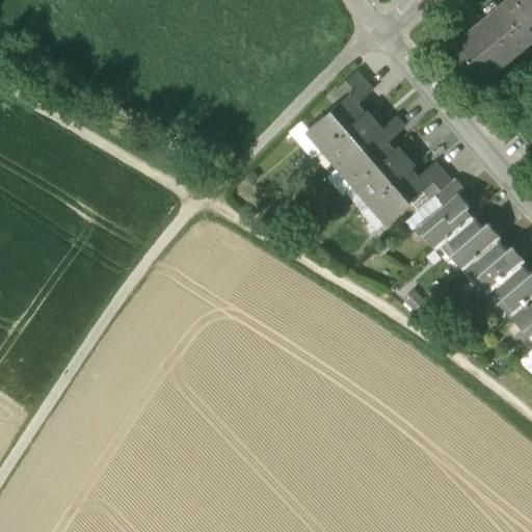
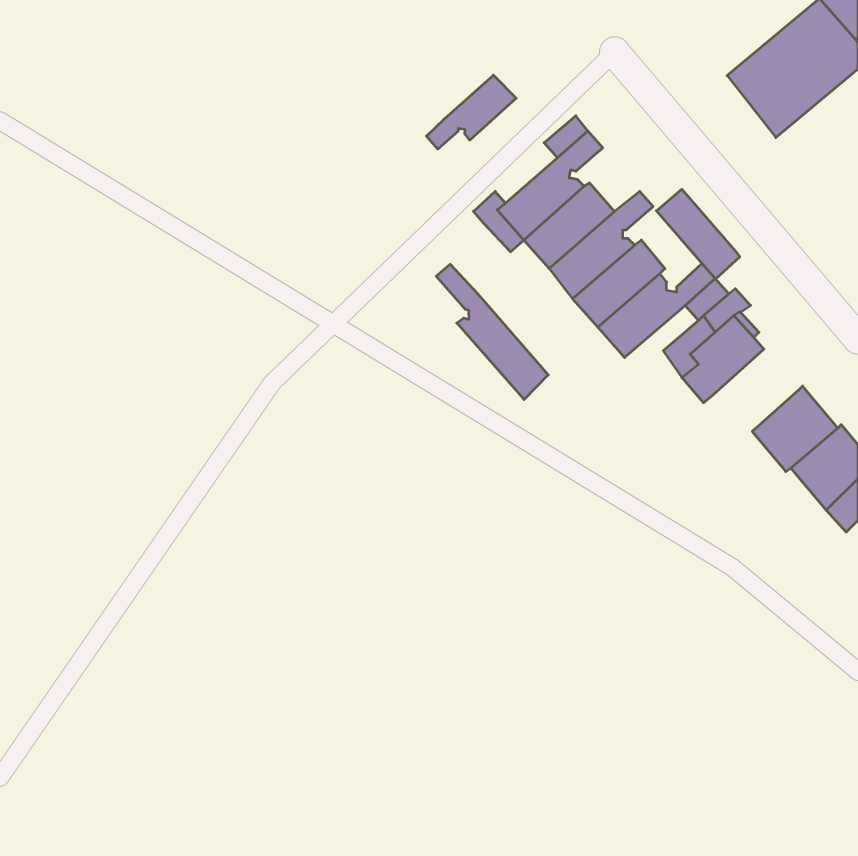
building: none -> [426,75,516,149]
building: none -> [656,189,740,279]
building: none -> [436,264,548,400]
building: [442,216,495,269] -> none

